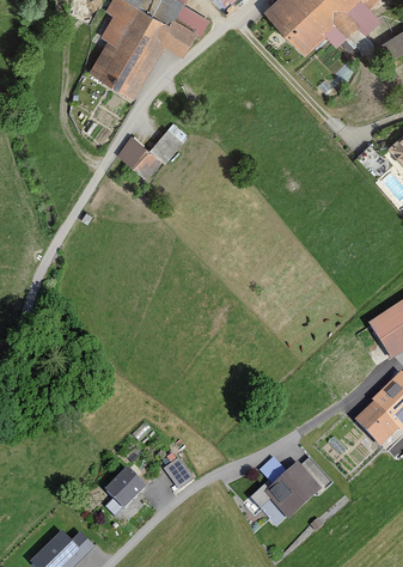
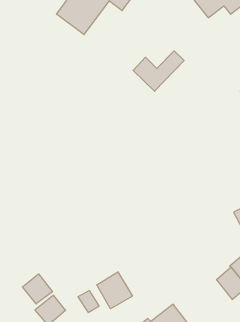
building: [116,117,187,177] -> [133,51,184,91]
building: none -> [97,272,133,309]
building: none -> [22,274,52,304]

